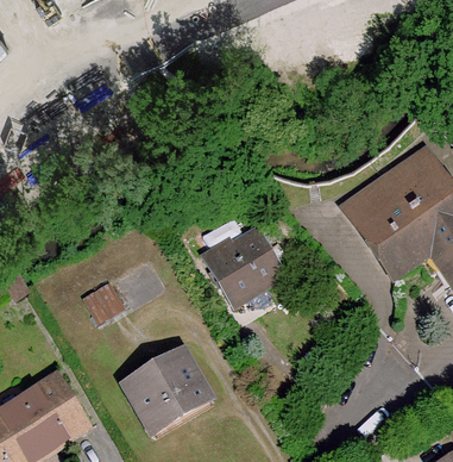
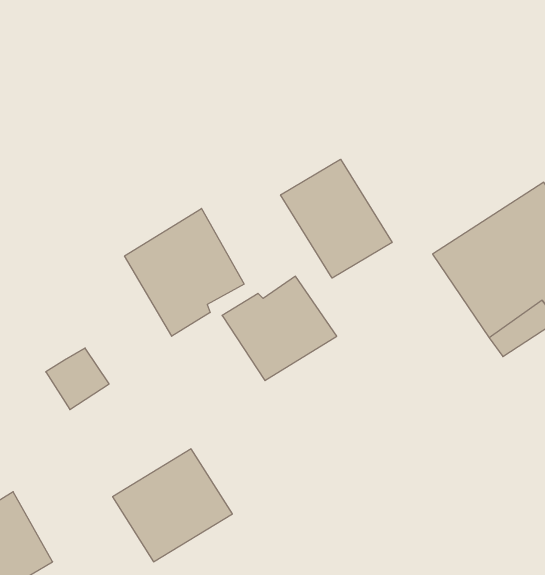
building: none -> [281,159,392,278]
building: none -> [125,208,244,336]

